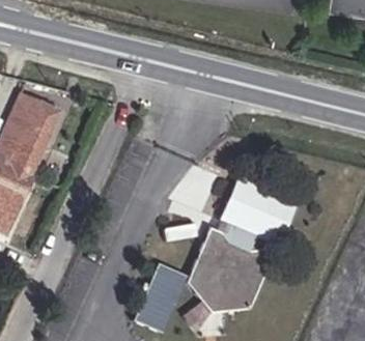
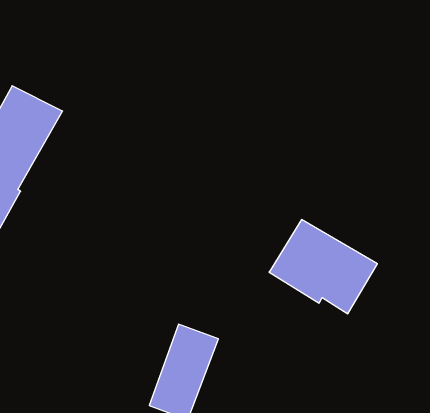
building: [188,229,273,314] -> none

